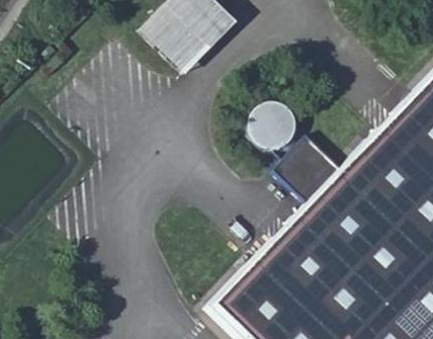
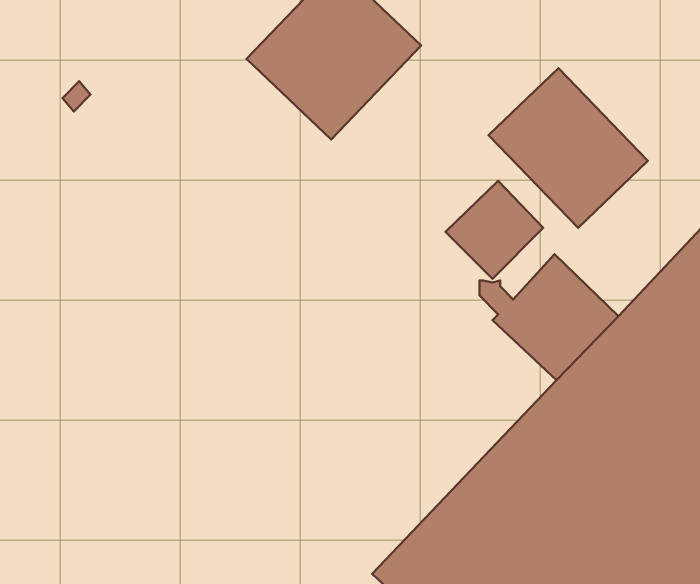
building: none -> [489,68,648,228]

